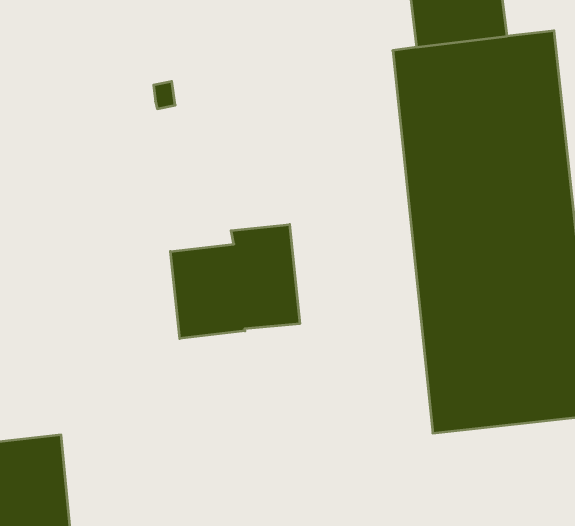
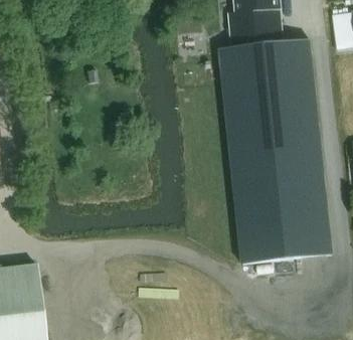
building: [170,224,300,339] -> none

